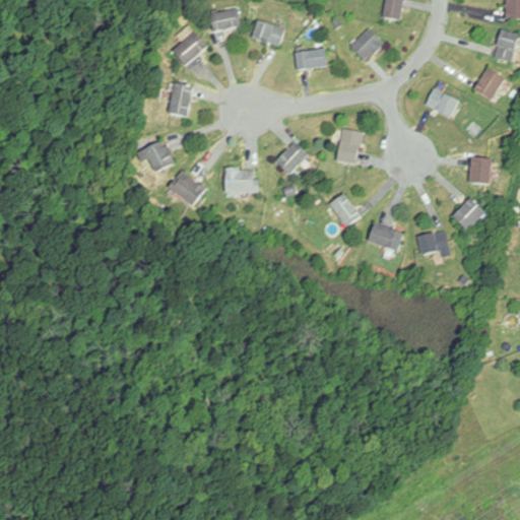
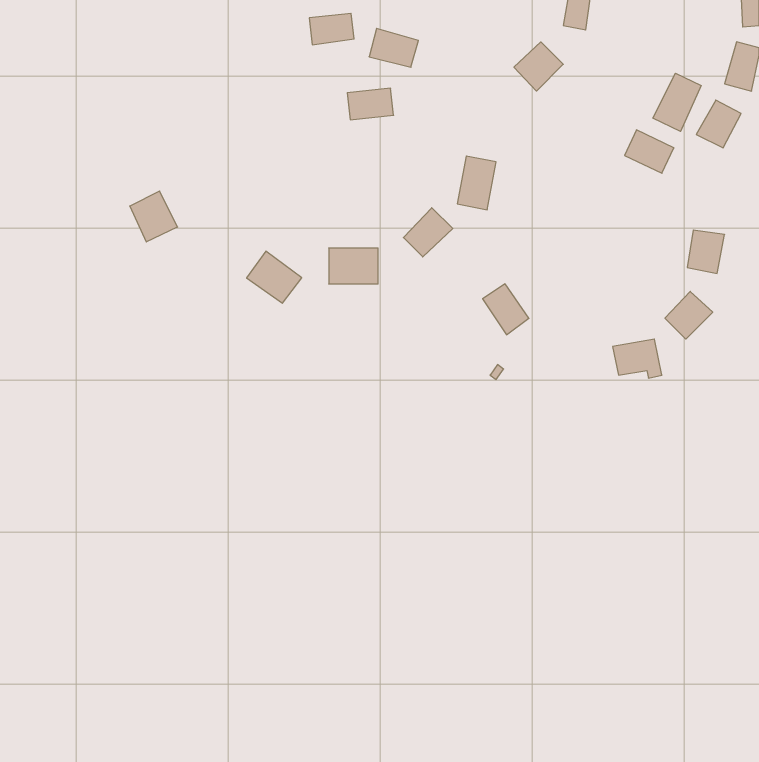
building: [172,31,206,65] -> none
building: [295,49,326,70] -> [347,88,394,120]
building: none -> [653,73,701,131]
building: [171,84,190,115] -> none
building: [335,129,362,166] -> [457,156,496,210]
building: [142,138,175,173] -> [130,191,178,242]
building: [367,223,403,252] -> none

